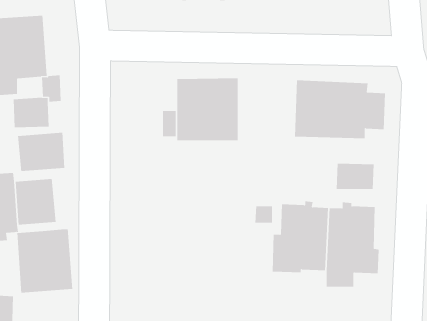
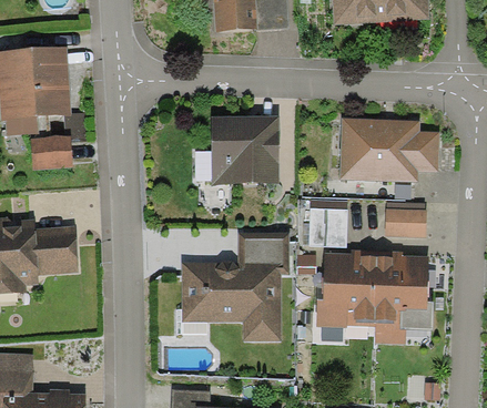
building: [17,132,65,172] -> none
building: none -> [307,206,348,247]
building: none -> [181,235,288,341]
building: [17,228,73,294] -> none

